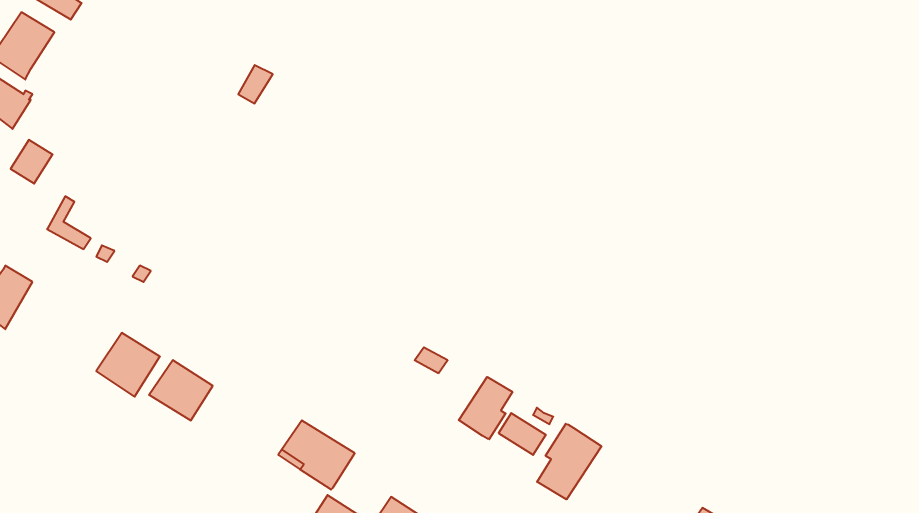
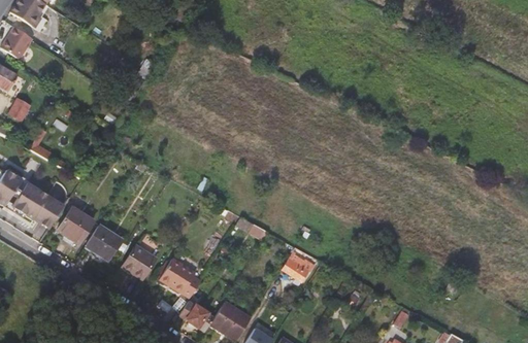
building: none -> [11,182,66,229]
building: [459,377,512,439] -> none
building: none -> [124,245,158,278]
building: [537,424,601,499] -> none

